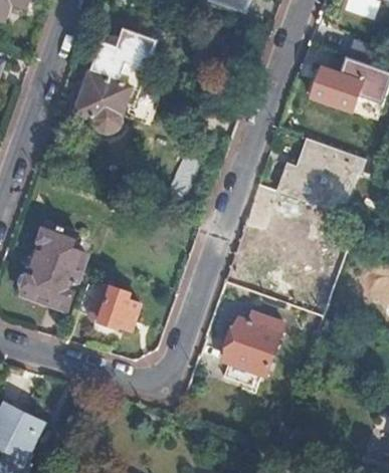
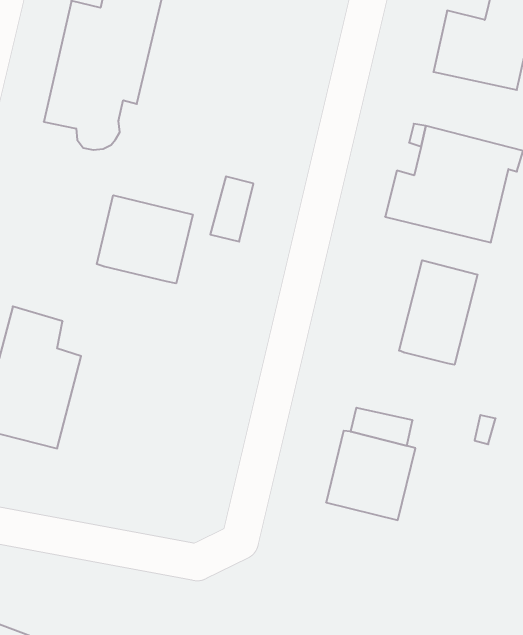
building: none -> [97,195,193,283]
building: none -> [399,260,478,365]
building: [75,281,138,327] -> none

